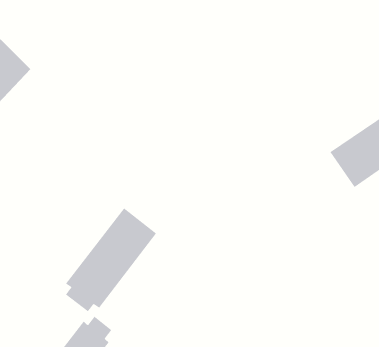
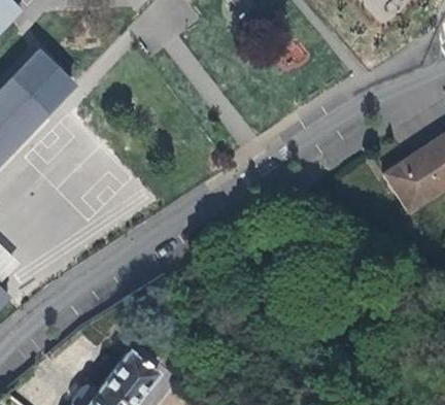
building: [65,207,157,312] -> none

